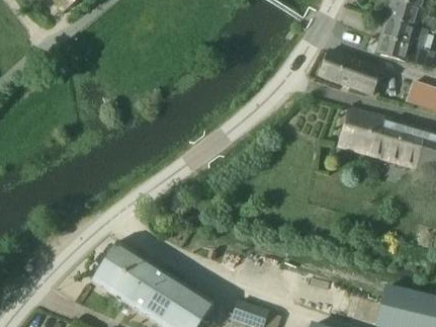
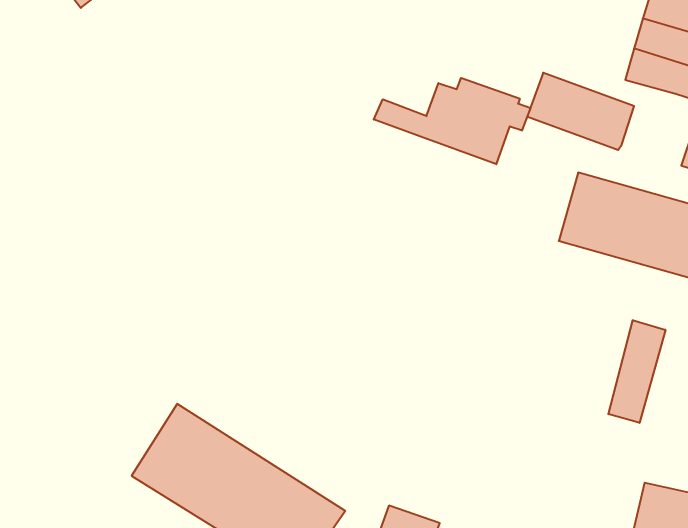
building: none -> [374,78,530,164]
building: none -> [608,320,665,423]

